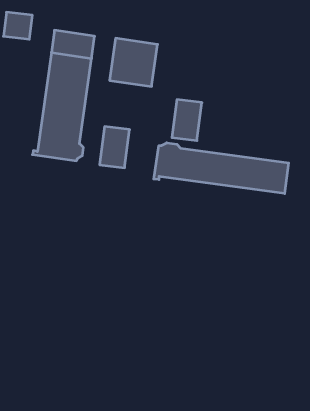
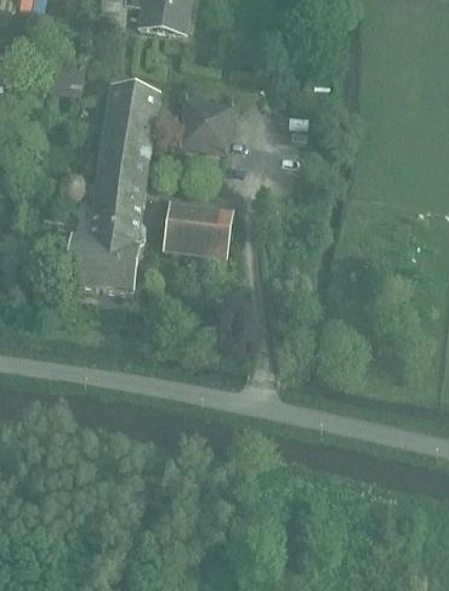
building: [172,100,202,141] -> [195,205,232,255]
building: [154,143,289,194] -> none
building: none -> [66,233,140,291]

